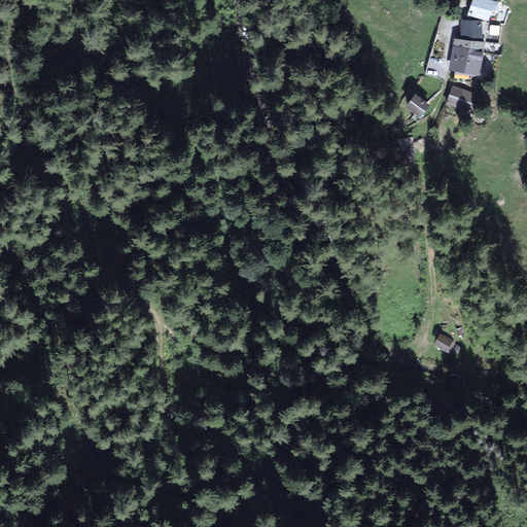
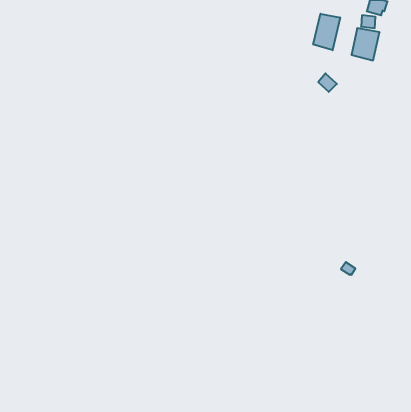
building: none -> [313,14,340,50]
building: [443,83,471,111] -> none

